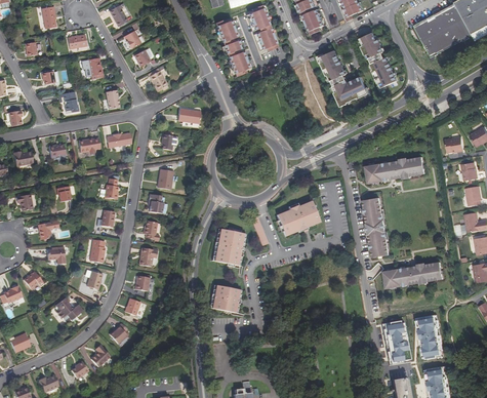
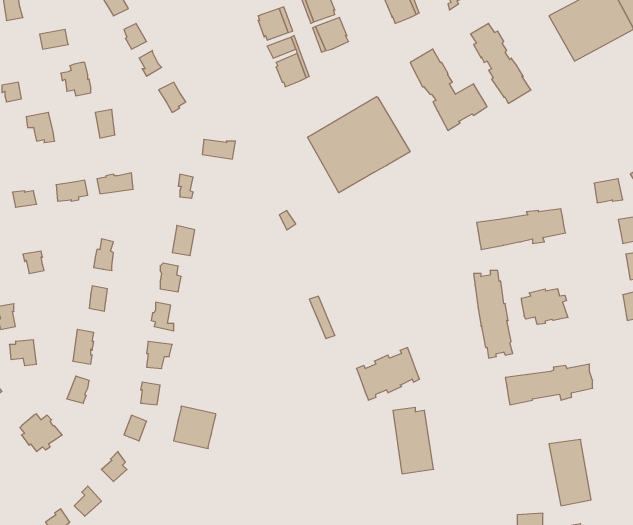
building: none -> [308,97,410,193]
building: [277,200,320,236] -> [356,347,420,400]
building: none -> [521,289,568,324]
building: [214,229,244,266] -> none
building: [211,284,240,313] -> [174,406,216,448]
building: [382,319,410,364] -> [393,407,434,474]

